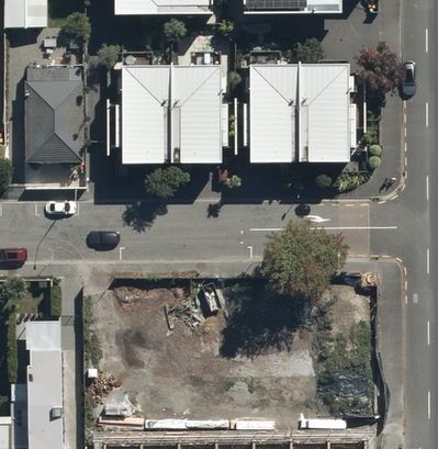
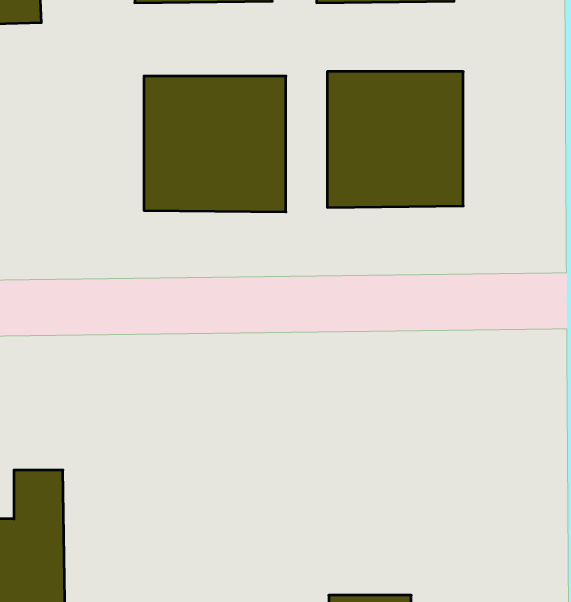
building: [22,69,82,164] -> none

